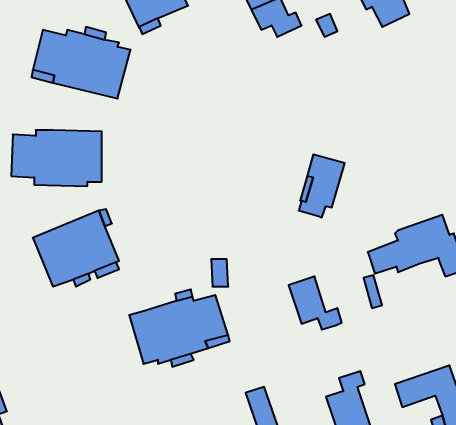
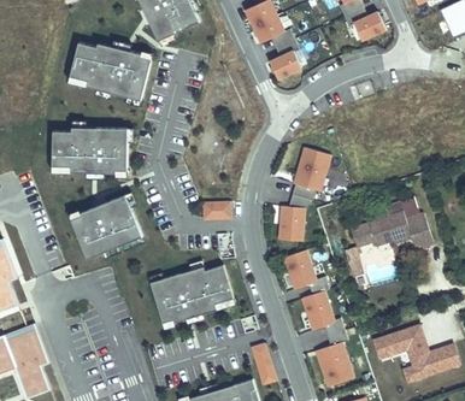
building: none -> [269,39,300,78]
building: none -> [278,194,308,241]
building: none -> [201,201,230,219]
building: none -> [301,290,343,335]

